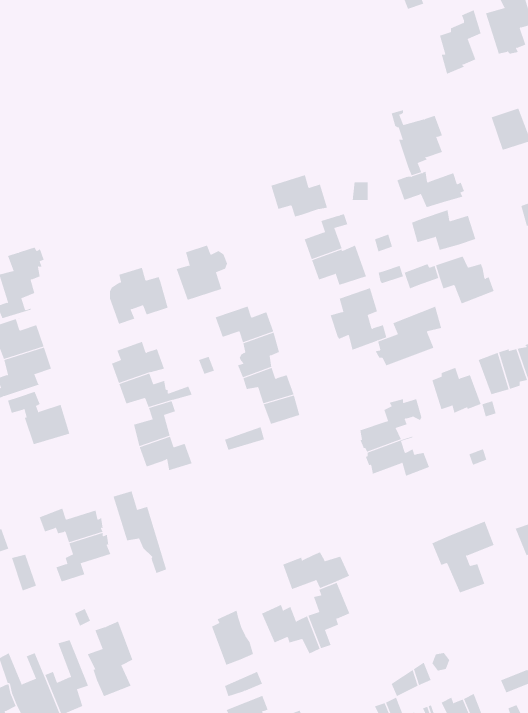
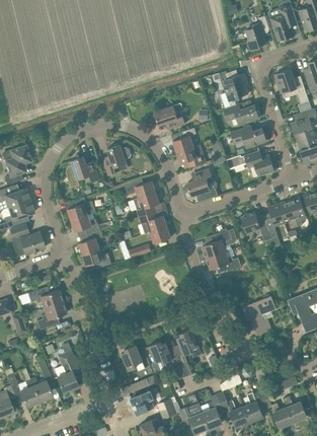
building: [375,306,442,366] -> none
building: [113,490,167,574] -> none
building: [283,551,350,590] -> none

